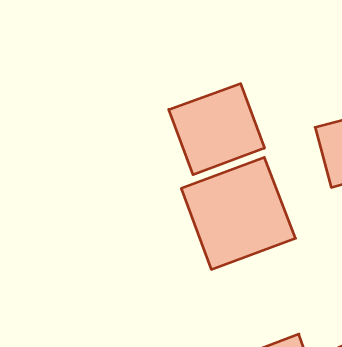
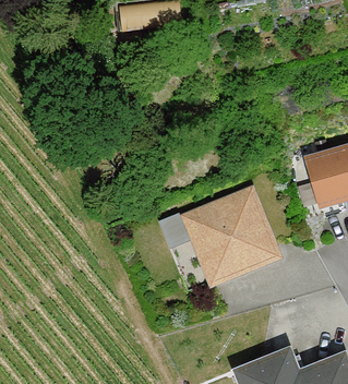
building: [169,84,264,175] -> none

